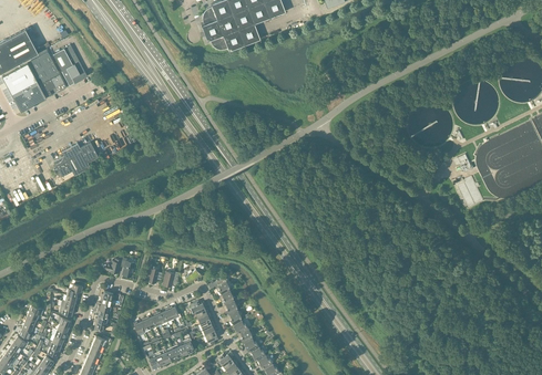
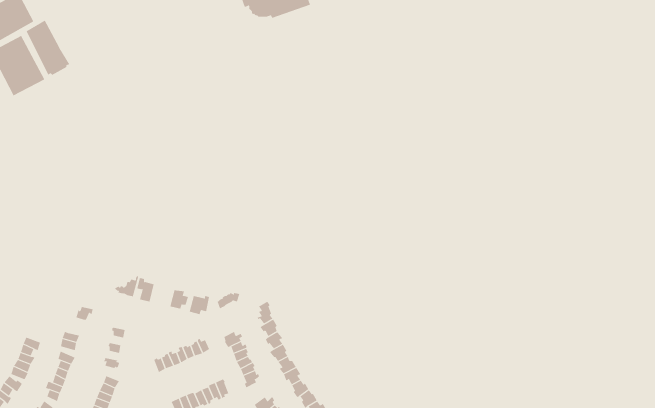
building: [53,45,88,86] -> none
building: [53,143,98,177] -> none

